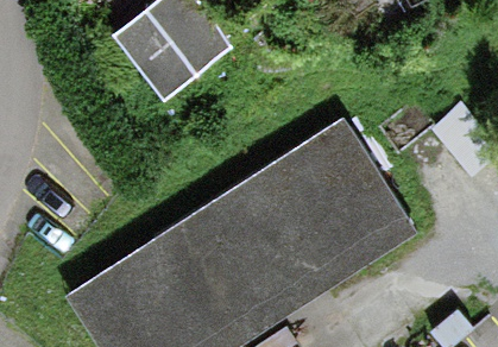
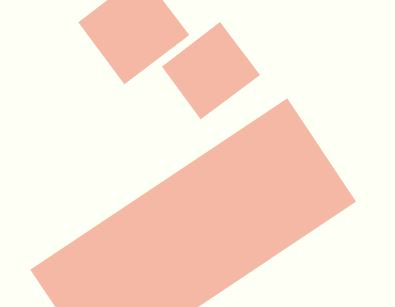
building: none -> [161,21,261,120]

